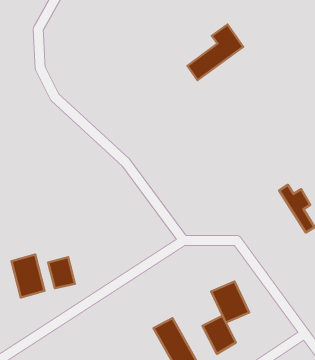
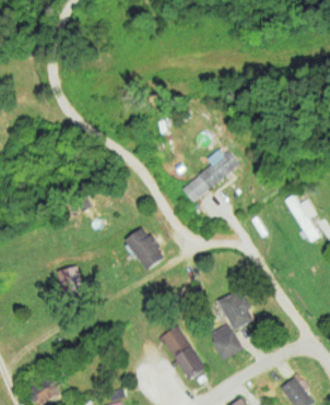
building: [188,25,243,80] -> [182,146,237,201]
building: none -> [125,226,165,271]
building: [12,254,44,298] -> none

